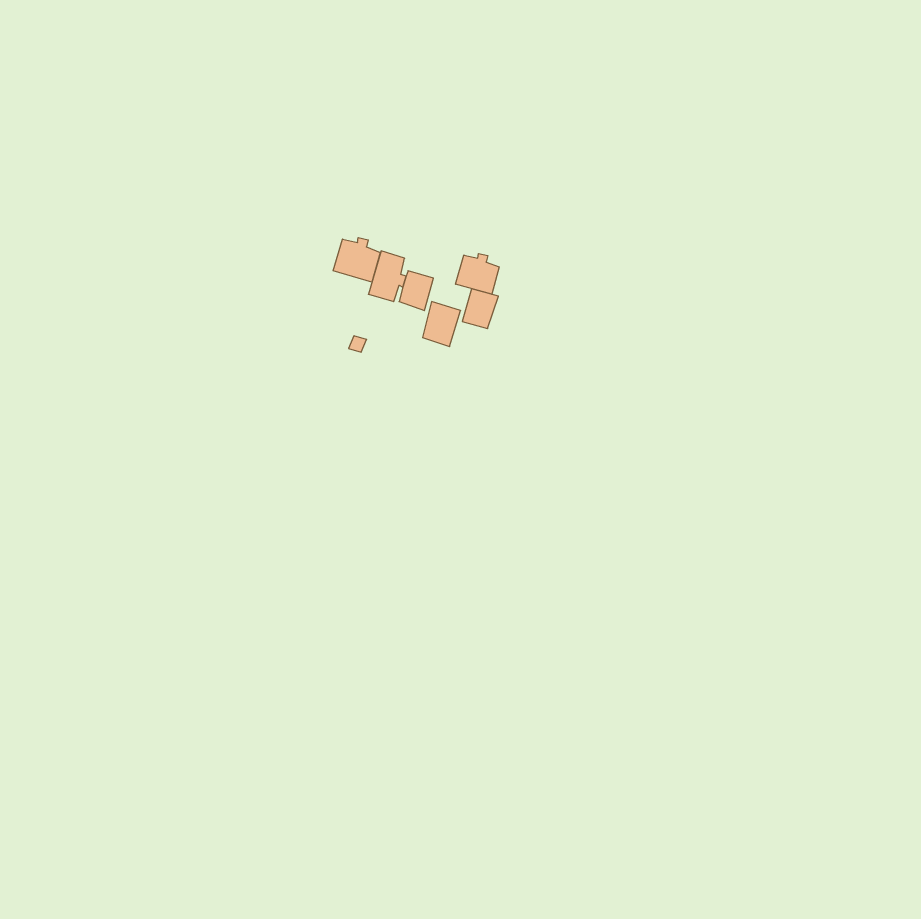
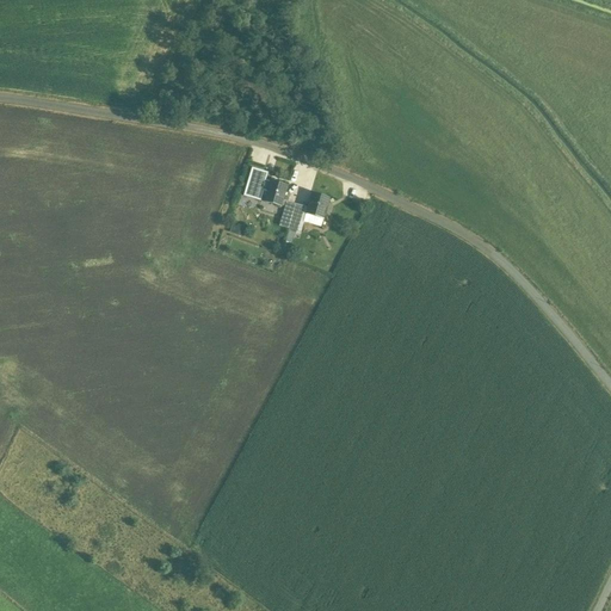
building: [333,238,380,282] -> none
building: [456,254,499,294] -> none

